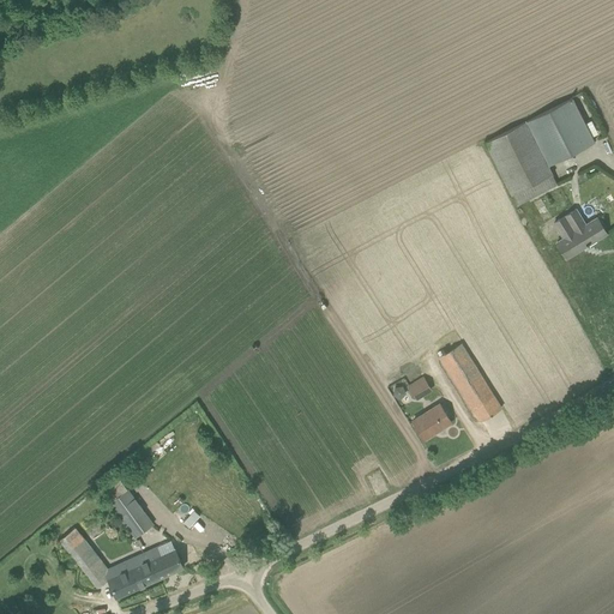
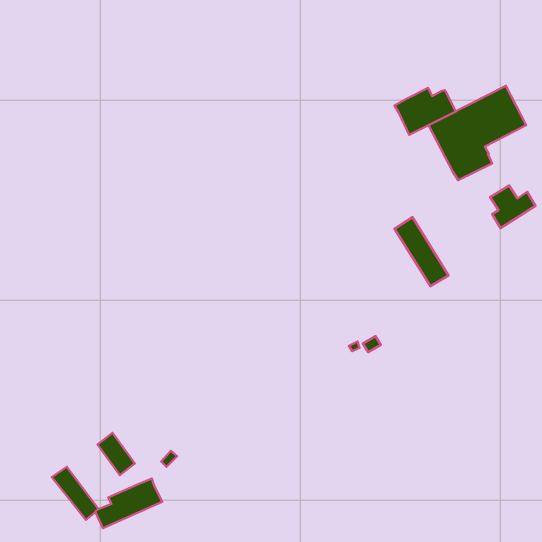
building: none -> [394,88,456,135]
building: [440,343,501,421] -> [395,217,449,286]
building: [413,404,451,439] -> none

